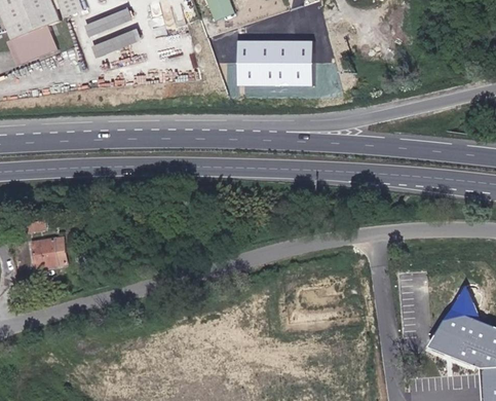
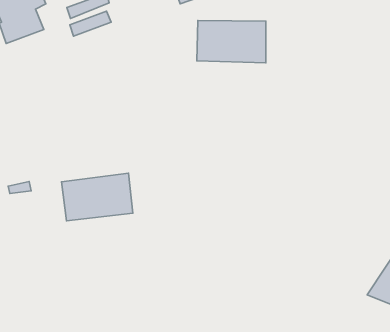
building: none -> [62,173,133,221]
building: [32,235,66,268] -> none

